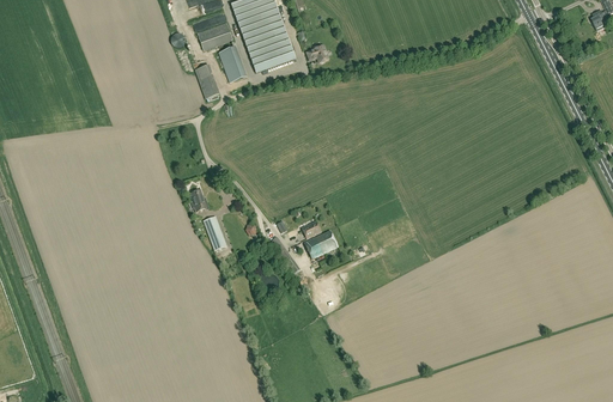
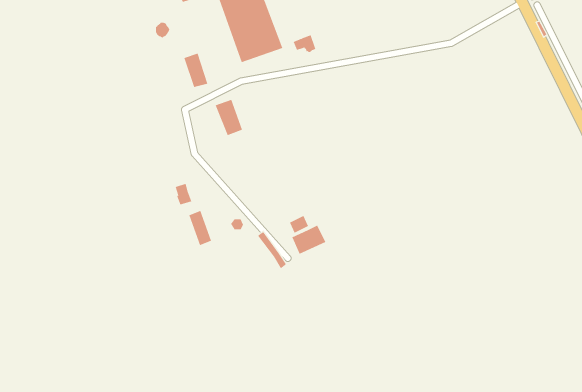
building: [198,22,232,50] -> none
building: [218,45,245,81] -> [215,99,243,136]

